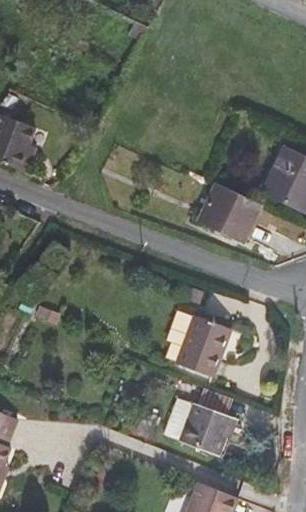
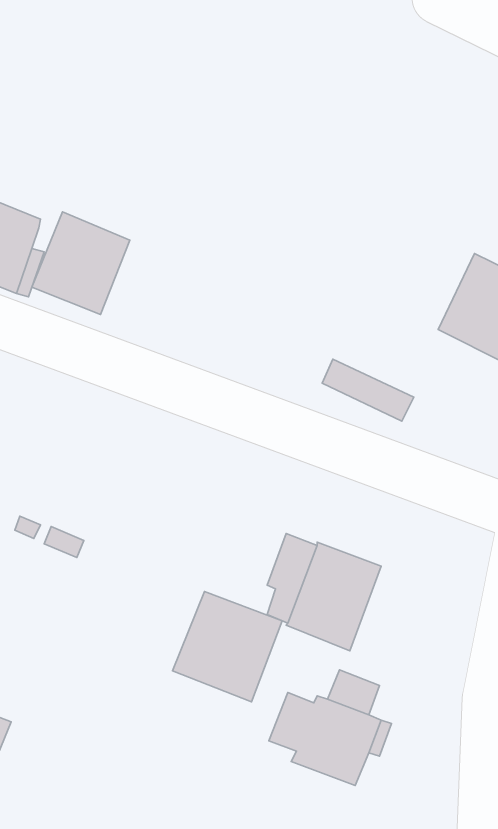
building: none -> [32,212,130,314]
building: [203,183,262,230] -> none
building: none -> [173,592,282,702]

